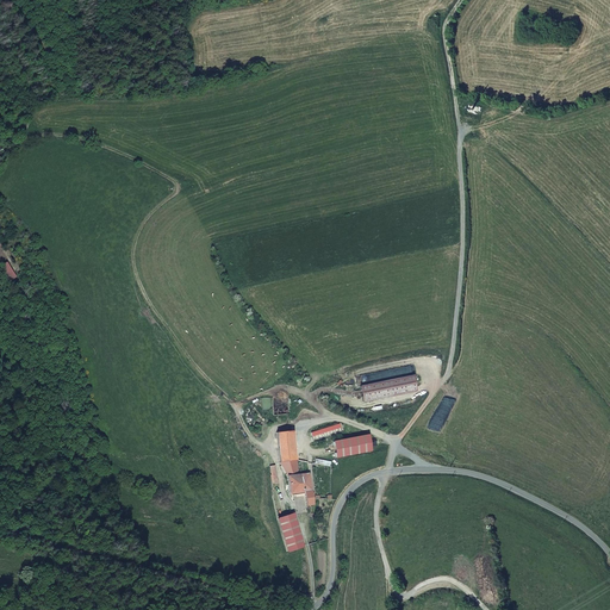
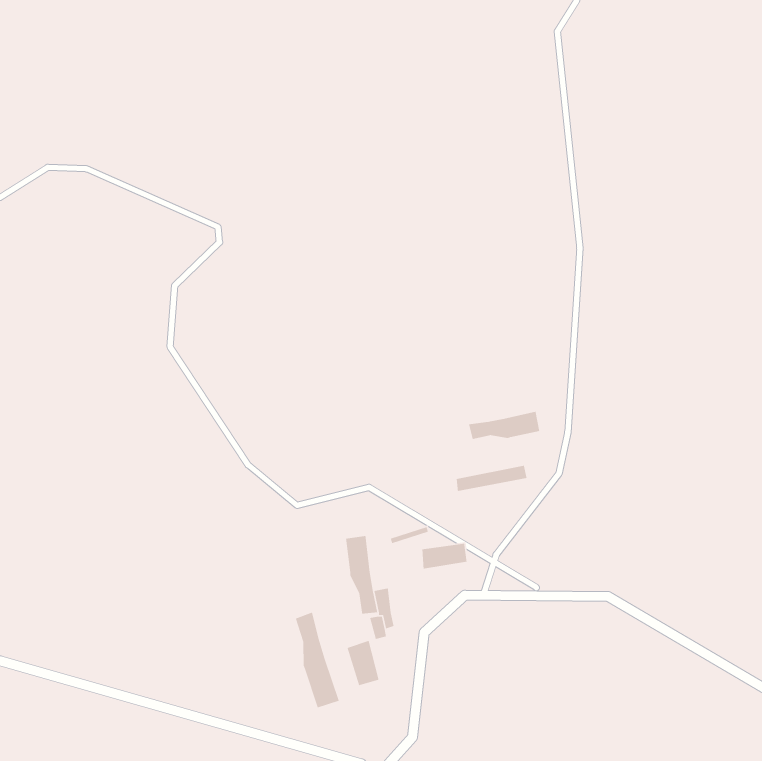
building: none -> [468,411,540,440]
building: none -> [295,611,340,709]

